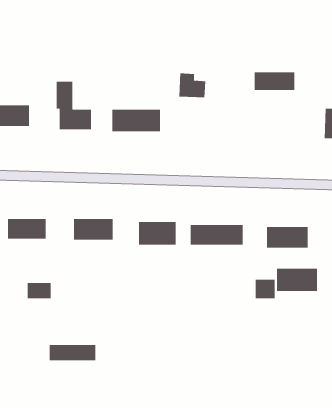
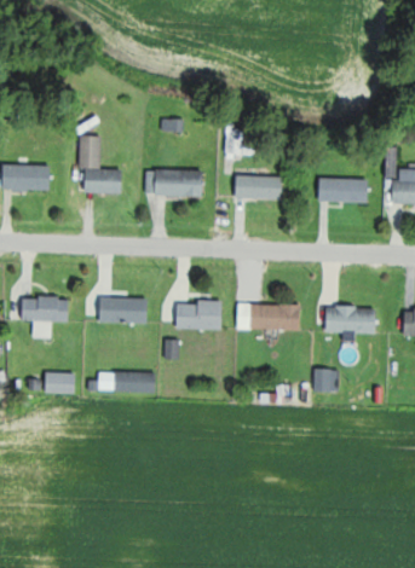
building: [254,72,295,90] -> [318,179,367,201]
building: none -> [235,176,281,199]
building: [276,268,318,292] -> none
building: [49,344,96,361] -> [98,371,154,390]

